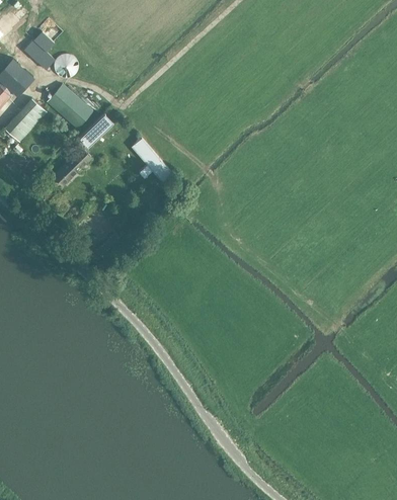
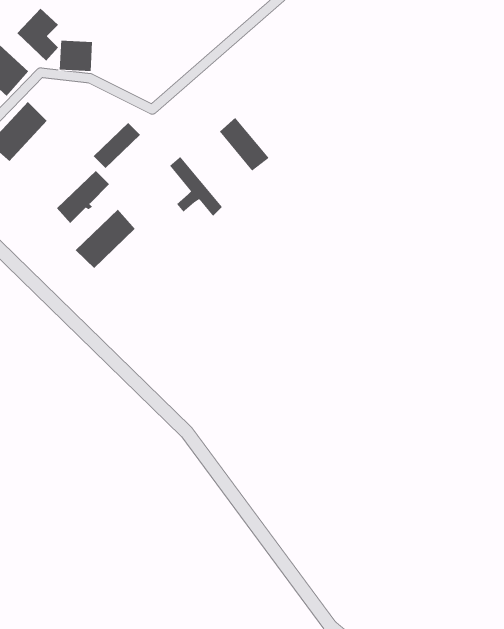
building: [48,84,93,129] -> none
building: none -> [219,117,269,171]
building: none -> [75,209,136,269]

